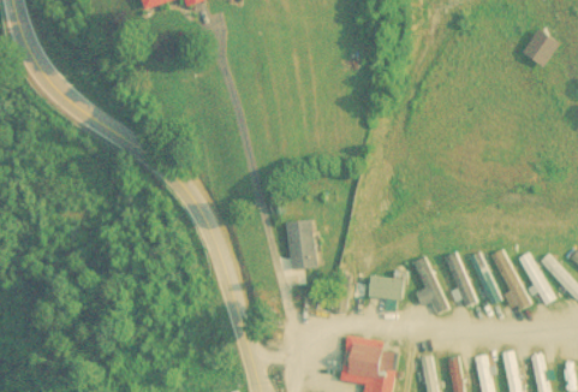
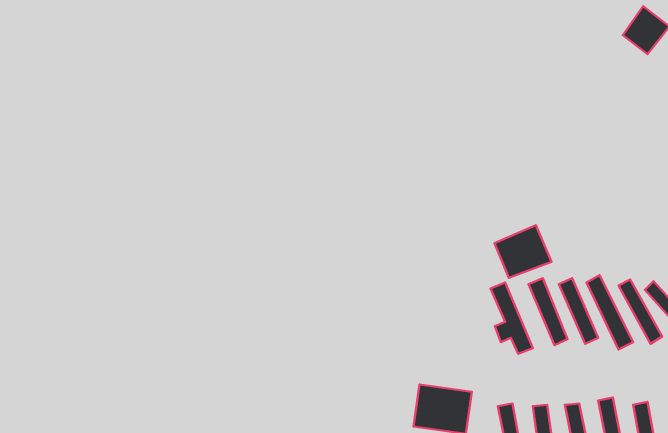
building: none -> [494,225,552,278]
building: [287,220,317,269] -> none
building: [368,269,403,298] -> none

